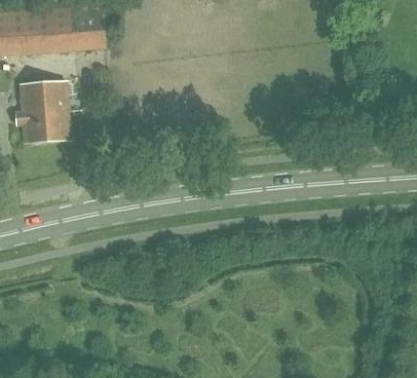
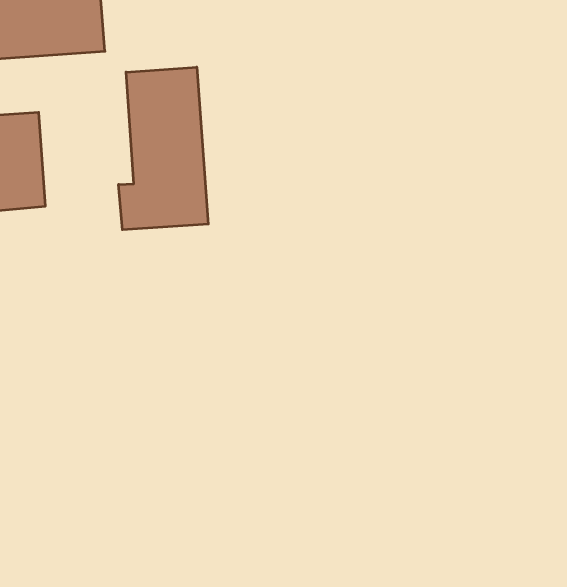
building: none -> [119,67,208,230]

